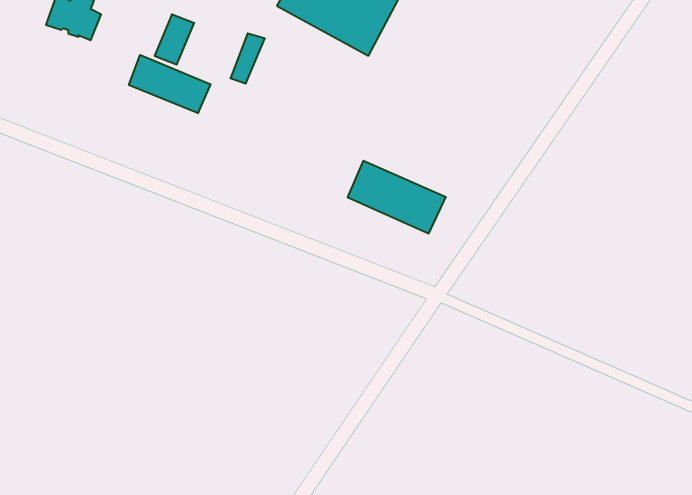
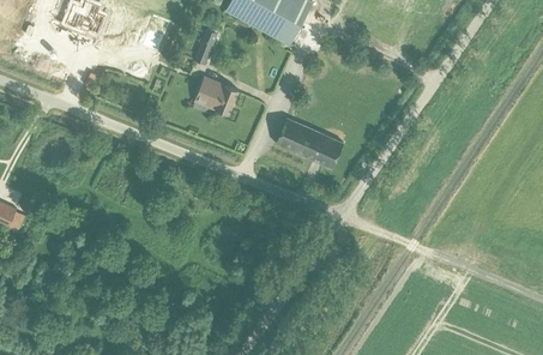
building: [129,55,210,113] -> none
building: none -> [195,79,237,114]

